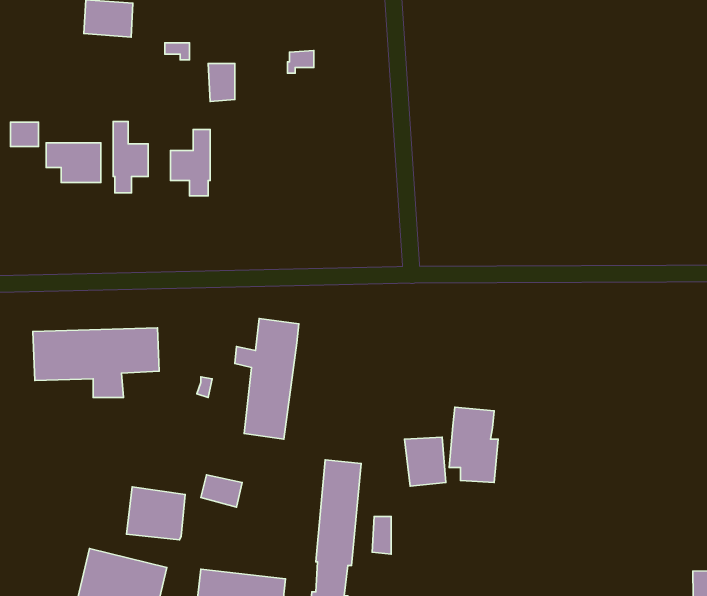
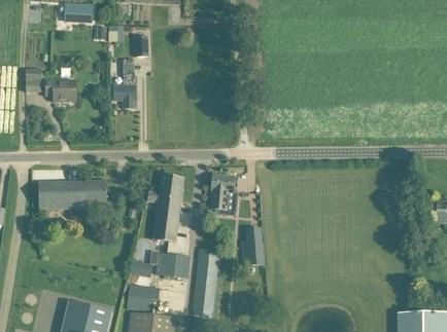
building: [113,121,148,193] -> none
building: [449,407,498,483] -> [209,174,236,215]
building: none -> [154,252,188,278]
building: [127,487,185,540] -> [126,284,158,312]

